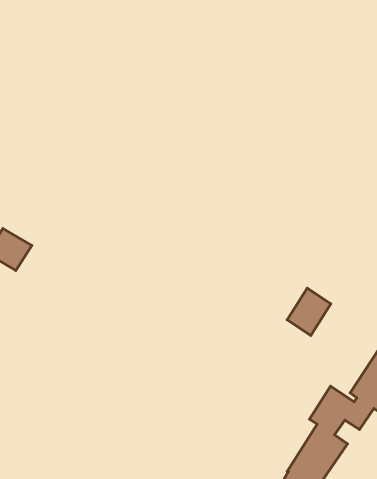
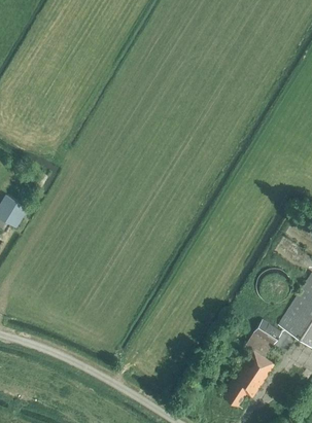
building: [287,288,331,335] -> none

